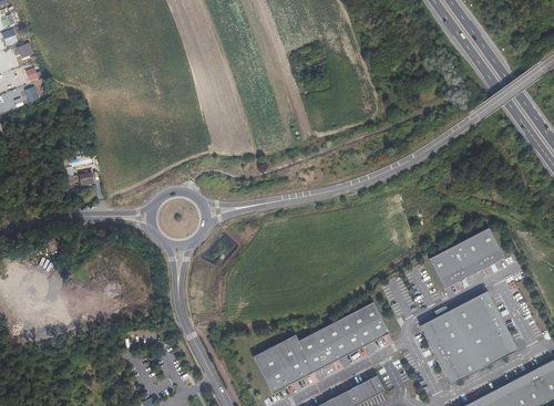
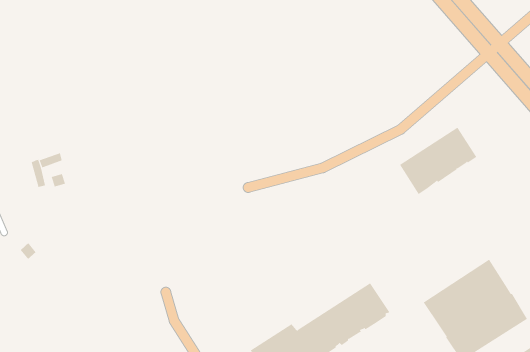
building: [429,227,503,288] -> [399,127,477,195]

